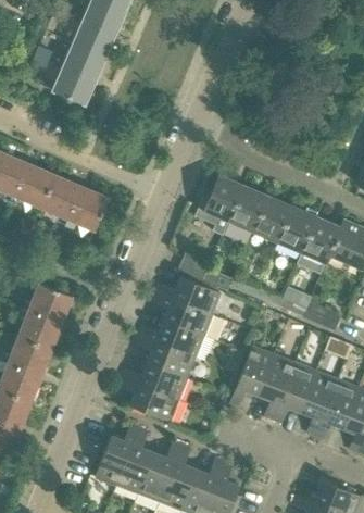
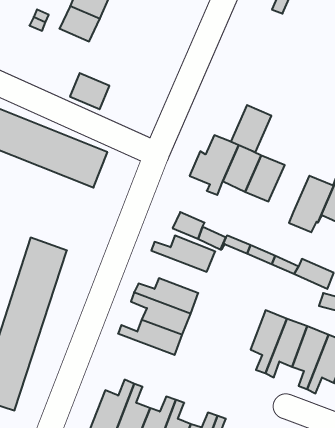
building: [53,67,93,104] -> [70,73,109,109]
building: [276,207,317,254] -> [231,105,271,152]
building: [152,293,213,337] -> none
building: [229,346,273,406] -> none
building: [120,378,180,423] -> none

